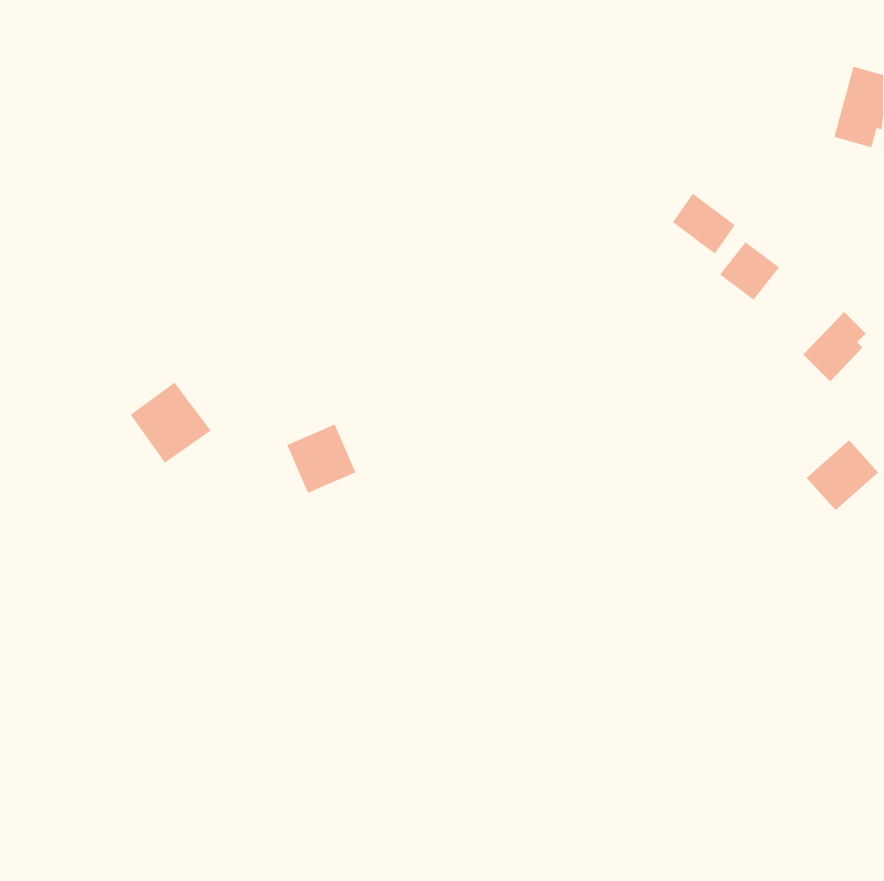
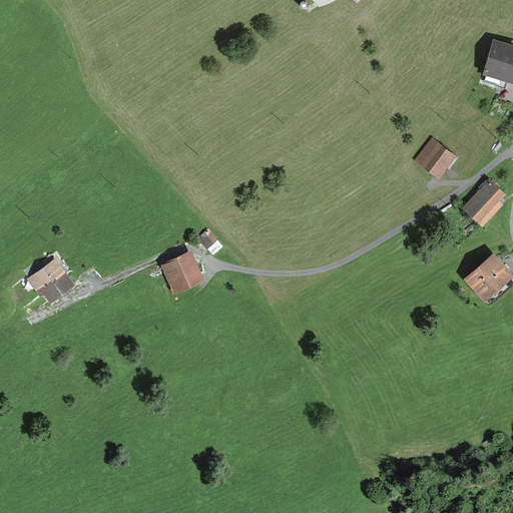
building: [672,193,735,254] -> none
building: [130,382,211,464] -> [33,251,80,299]

